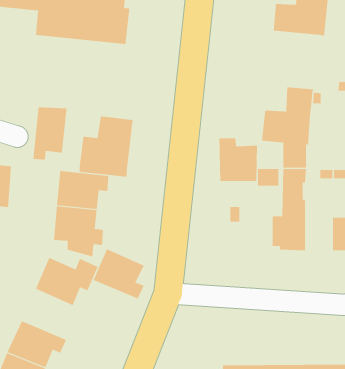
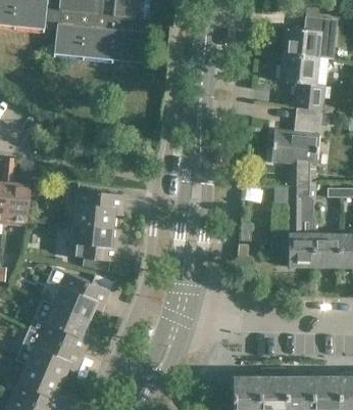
building: none -> [279,54,326,110]
building: [33,106,67,160] -> none
building: [79,115,133,177] -> none
building: [219,138,258,182] -> none
building: none -> [313,234,339,267]
building: [93,249,144,299] -> [39,304,89,353]

